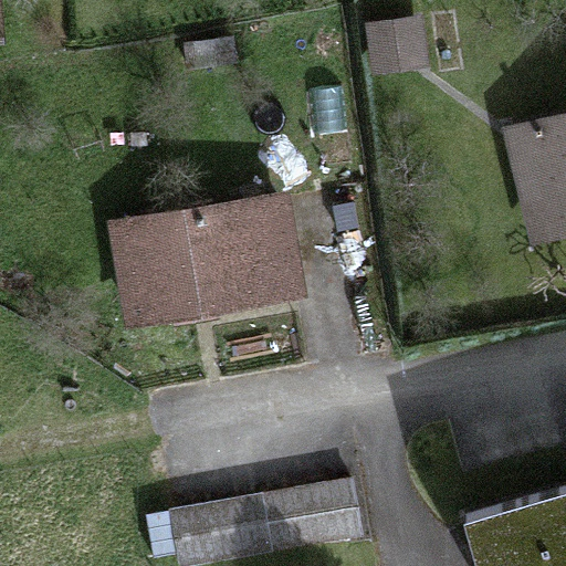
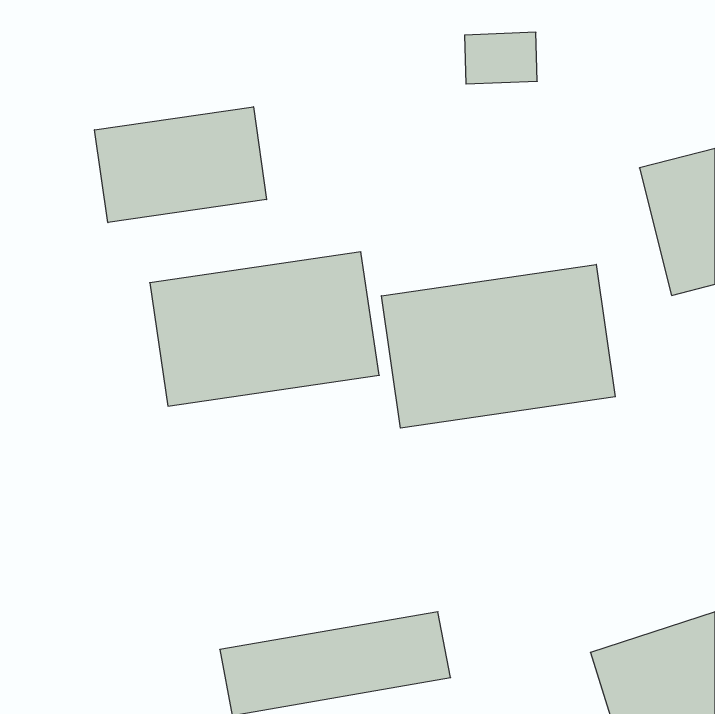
building: none -> [95,107,267,223]
building: none -> [381,264,615,428]

